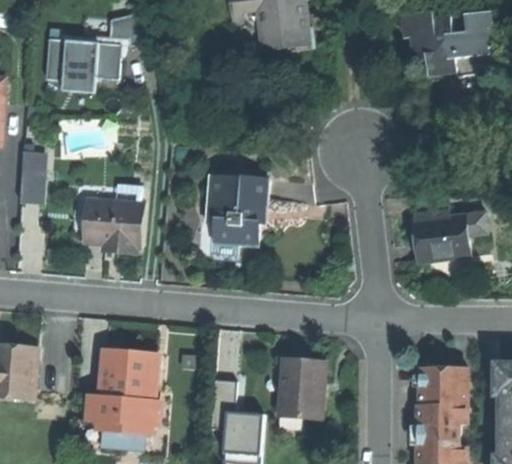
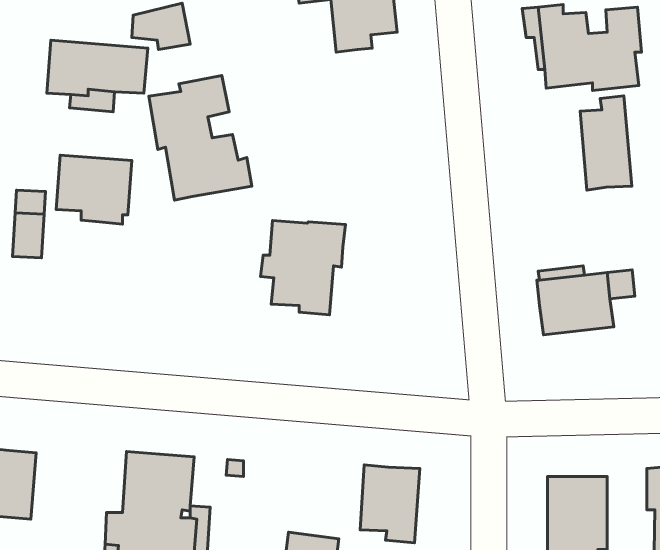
building: none -> [149,76,252,200]
building: none -> [580,96,632,190]
building: [84,198,141,250] -> [56,155,132,224]

